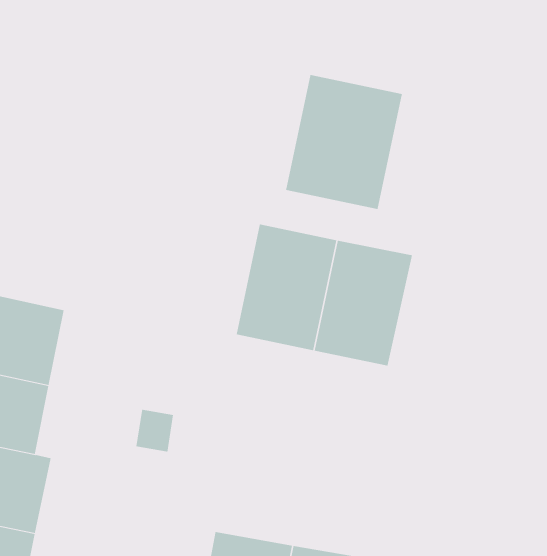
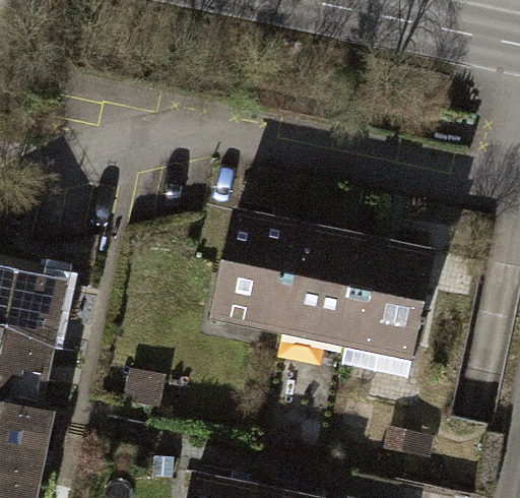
building: [286,74,402,210] -> none
building: none -> [341,236,435,378]

